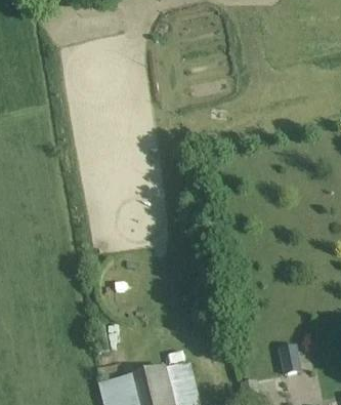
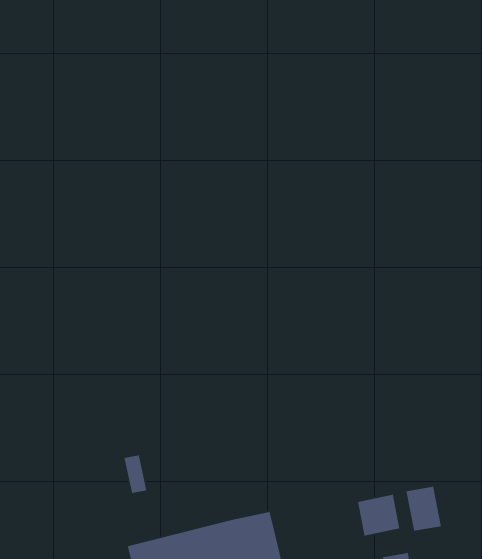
building: none -> [357,494,400,536]

